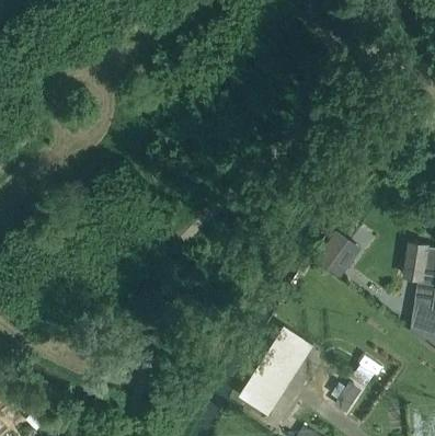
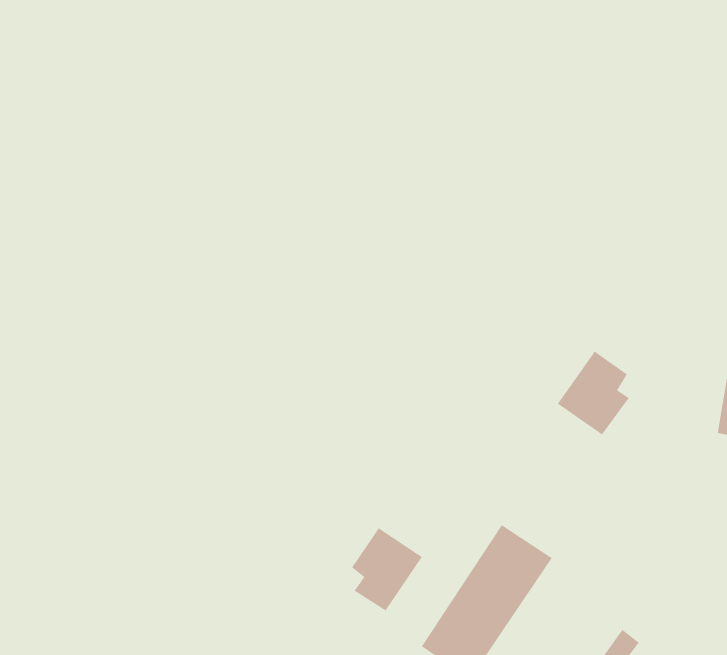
building: none -> [351,527,423,611]

